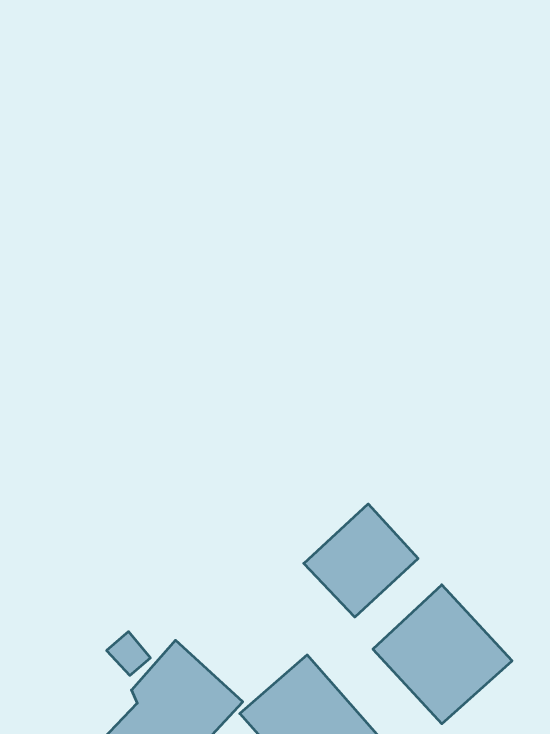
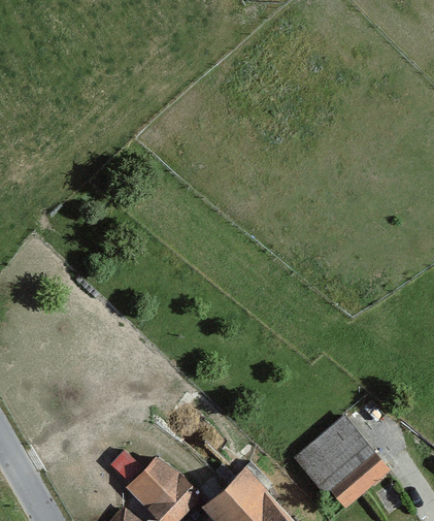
building: [304,504,418,617] -> none

